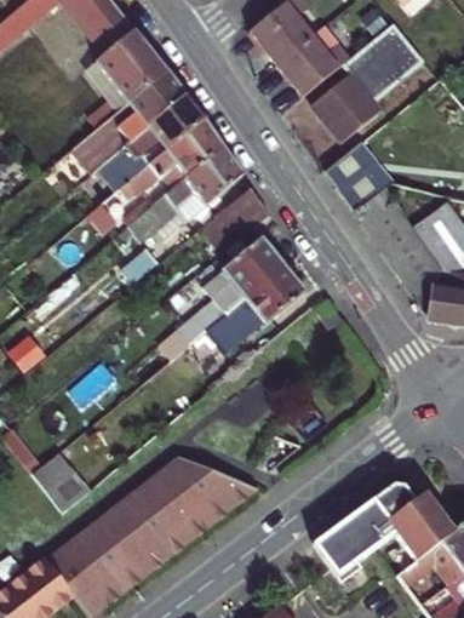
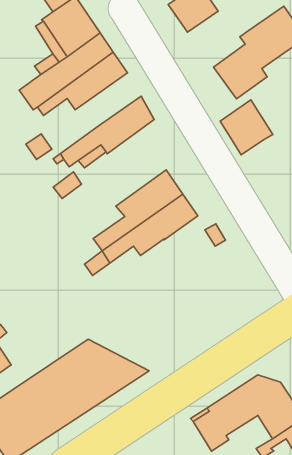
building: [275,24,350,96] -> none
building: [125,119,223,198] -> none
building: [200,187,268,254] -> none

